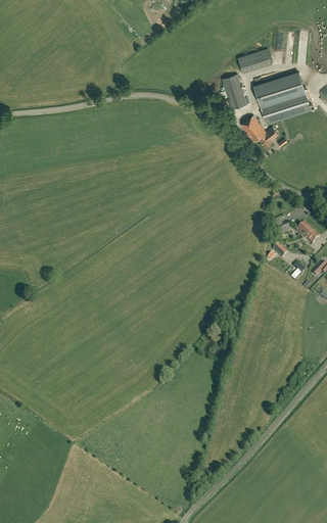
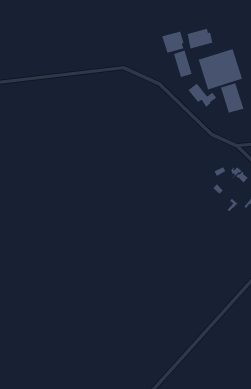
building: none -> [162,31,184,53]
building: none -> [220,82,244,114]

